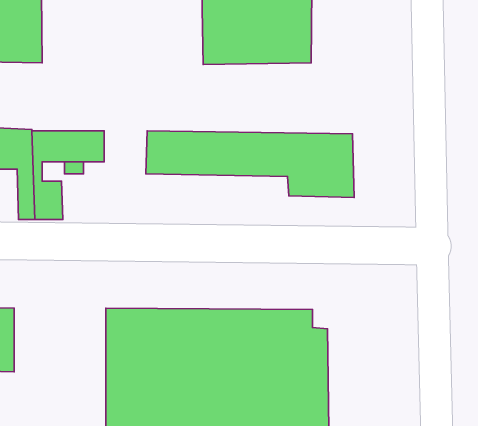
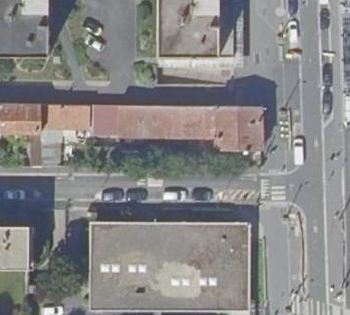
building: none -> [91,105,120,135]

